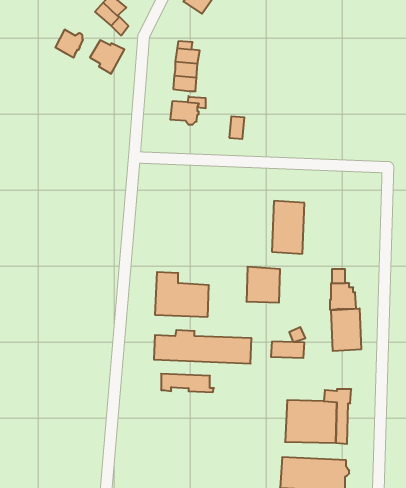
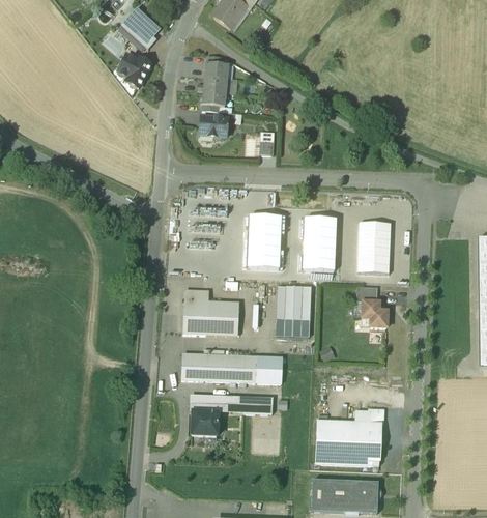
building: [55,29,83,58] -> none
building: none -> [248,214,281,267]
building: none -> [357,222,391,272]
building: [331,308,361,351] -> none
building: [271,342,304,358] -> [276,319,310,336]
building: none -> [239,395,274,412]
building: none -> [192,409,218,434]

